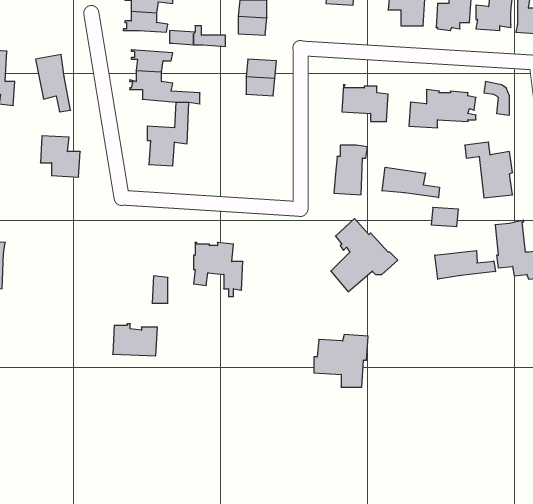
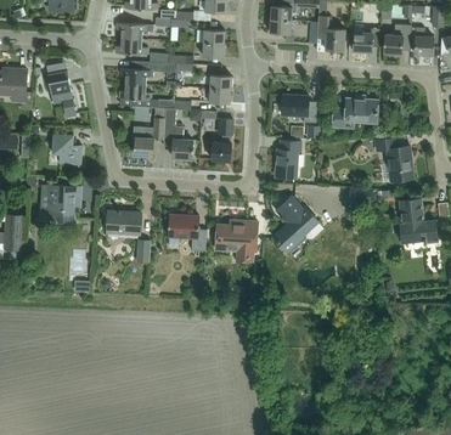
building: none -> [163,108,192,159]
building: none -> [210,119,232,162]
building: [382,167,439,198] -> none
building: none -> [40,185,80,220]
building: [435,251,495,279] -> none
building: [113,324,157,356] -> [106,210,140,235]
building: [314,335,368,387] -> [215,221,256,261]

